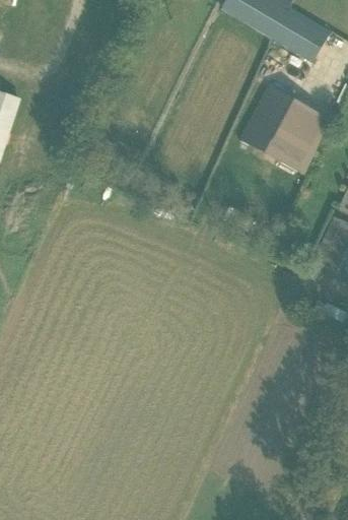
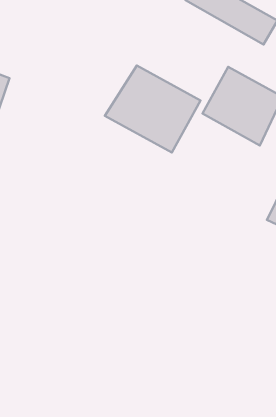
building: none -> [105,65,200,152]

